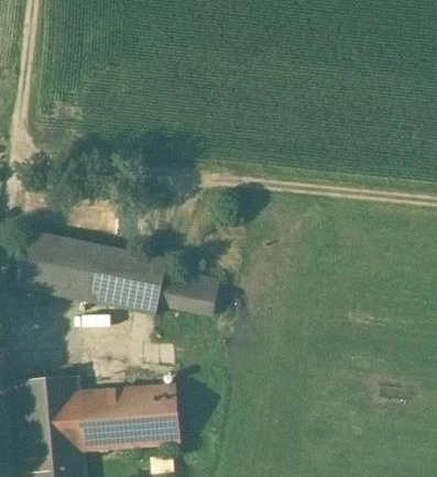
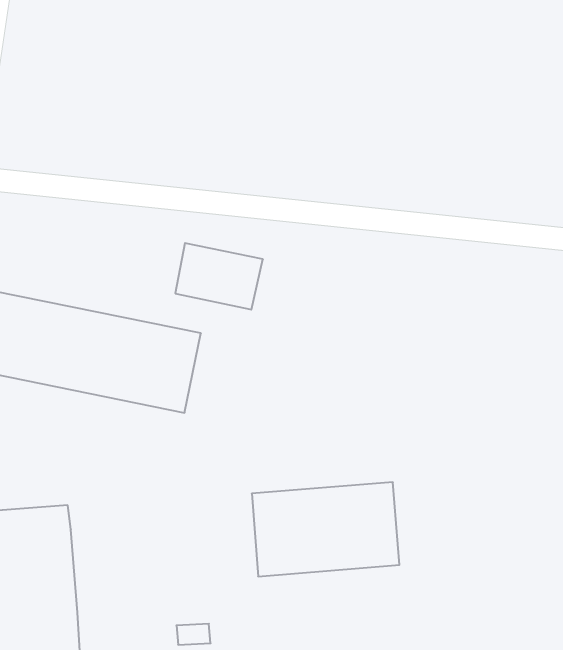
building: [162,269,221,314] -> [175,243,263,310]
building: [80,386,181,450] -> [252,482,399,576]

